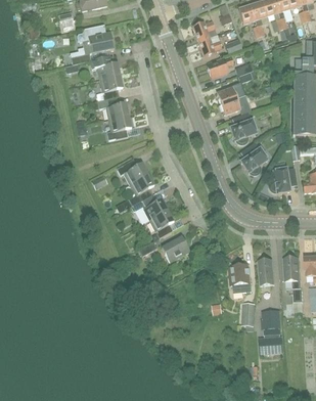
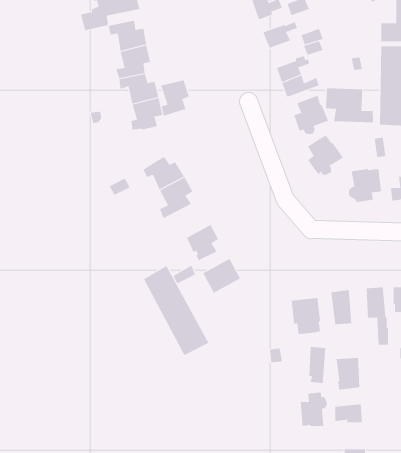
building: none -> [161,79,189,117]
building: none -> [326,87,374,123]
building: [131,193,168,219] -> none
building: none -> [143,265,209,356]
building: none -> [300,391,327,427]

